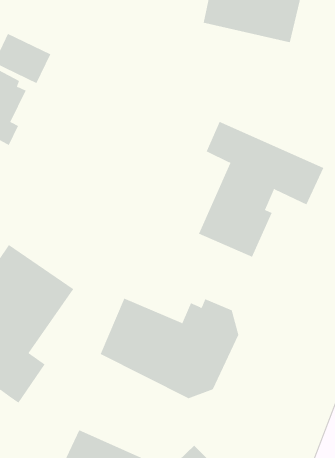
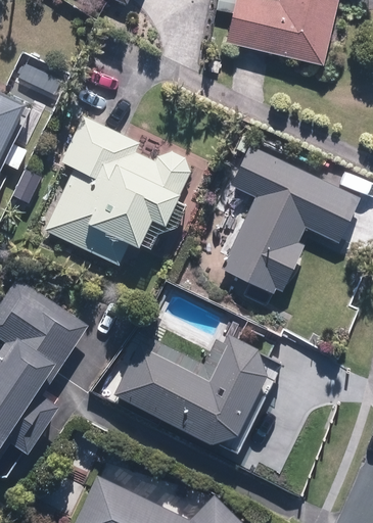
building: none -> [43,117,193,266]

